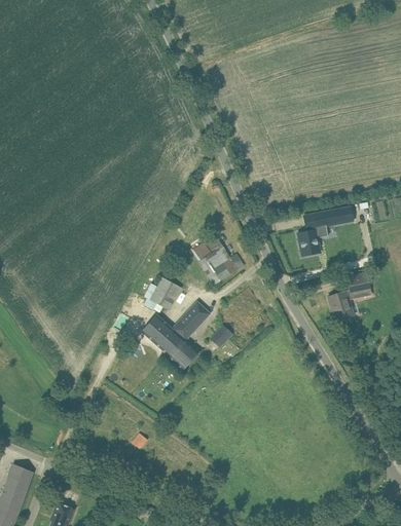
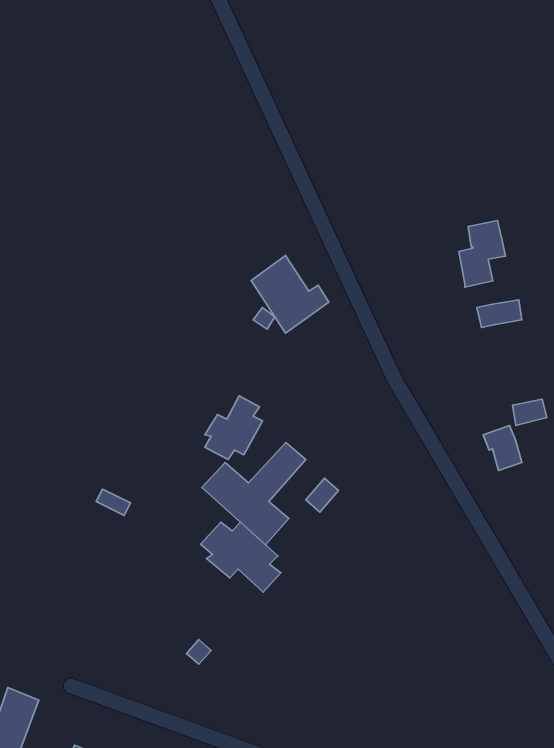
building: [298,212,329,256] -> [459,220,505,287]
building: [192,233,244,285] -> [251,256,329,333]
building: none -> [200,522,281,592]

